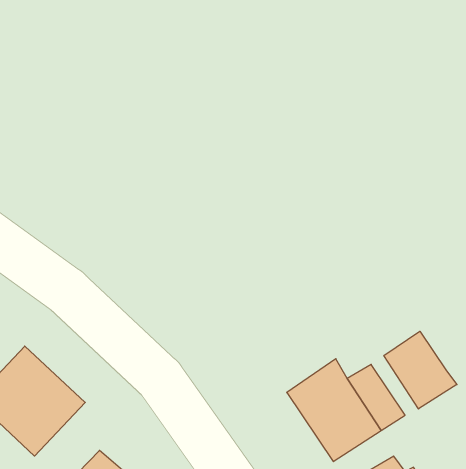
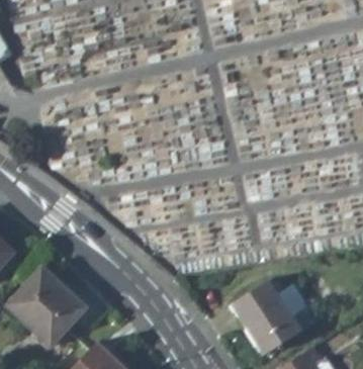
building: [384,331,457,409] -> none

